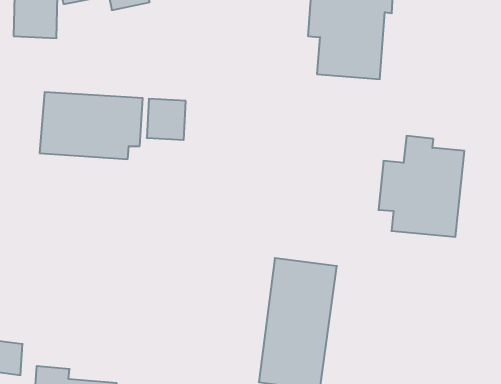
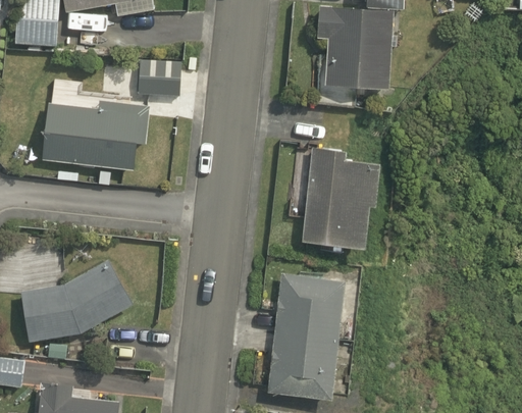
building: [147,99,186,140] -> [140,58,179,100]
building: [378,136,464,237] -> [288,142,375,245]
building: none -> [22,260,132,342]

